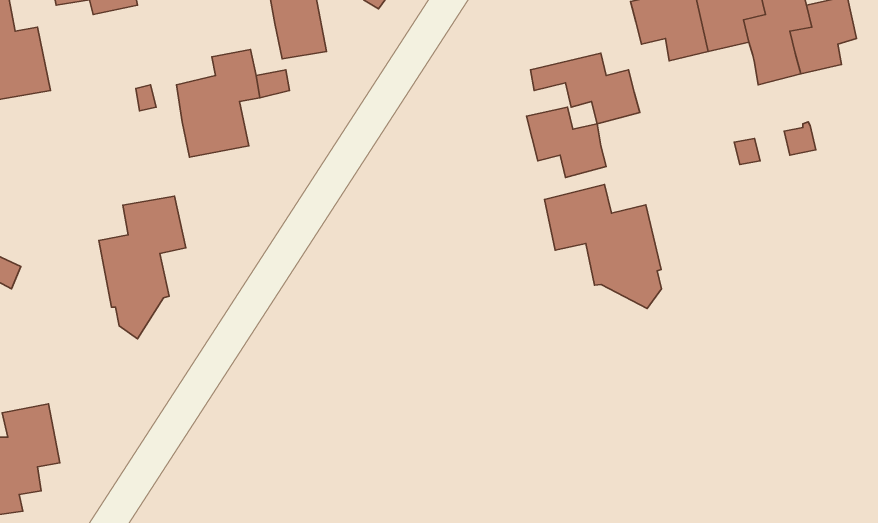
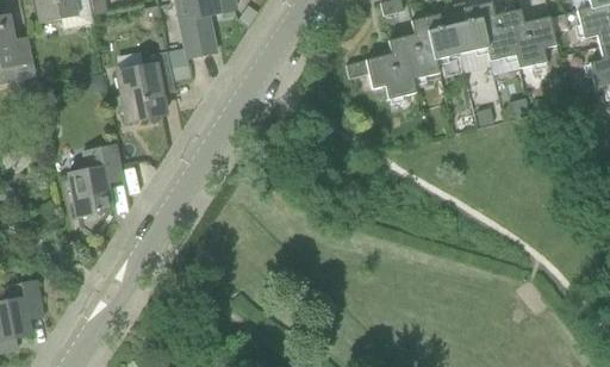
building: [527,107,606,177] -> [387,32,438,77]
building: [545,185,661,309] -> none

